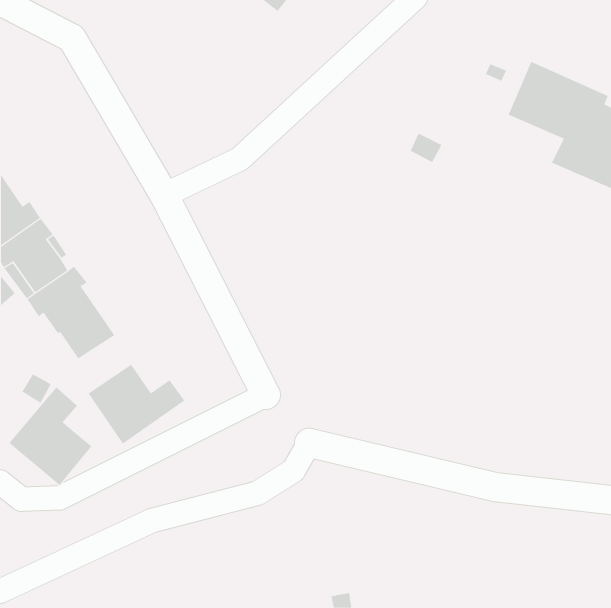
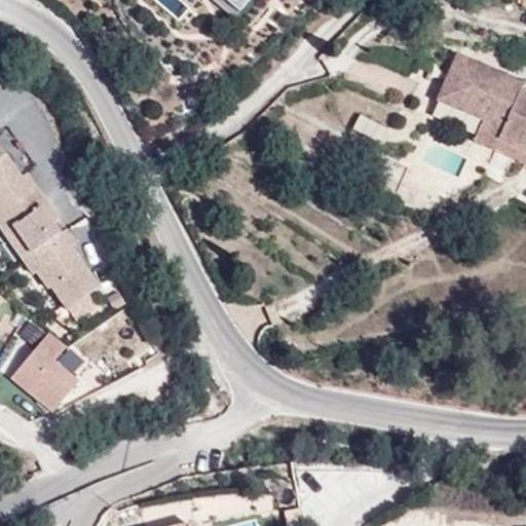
building: [88,364,185,444] -> none

